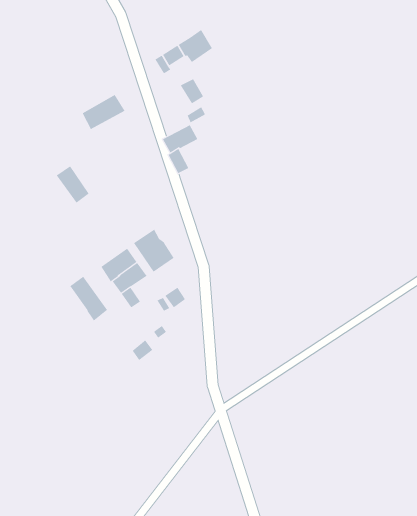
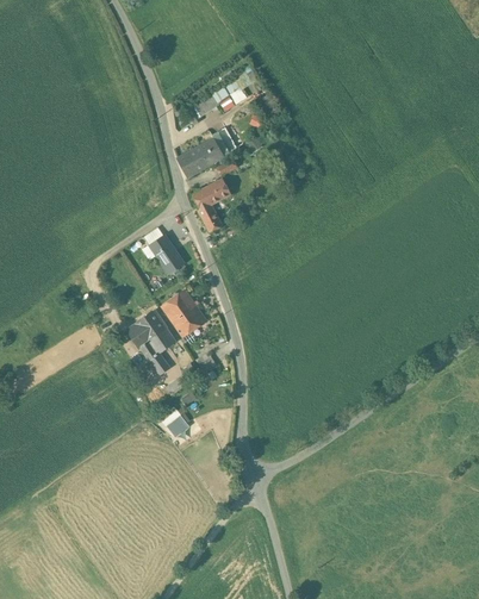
building: [82,94,125,130] -> [176,139,223,177]
building: [56,165,90,204] -> [148,233,183,274]
building: [69,276,108,322] -> none

